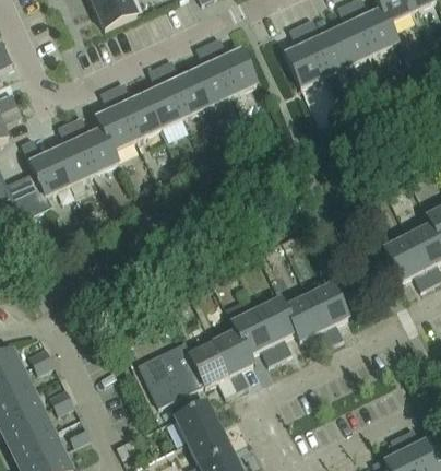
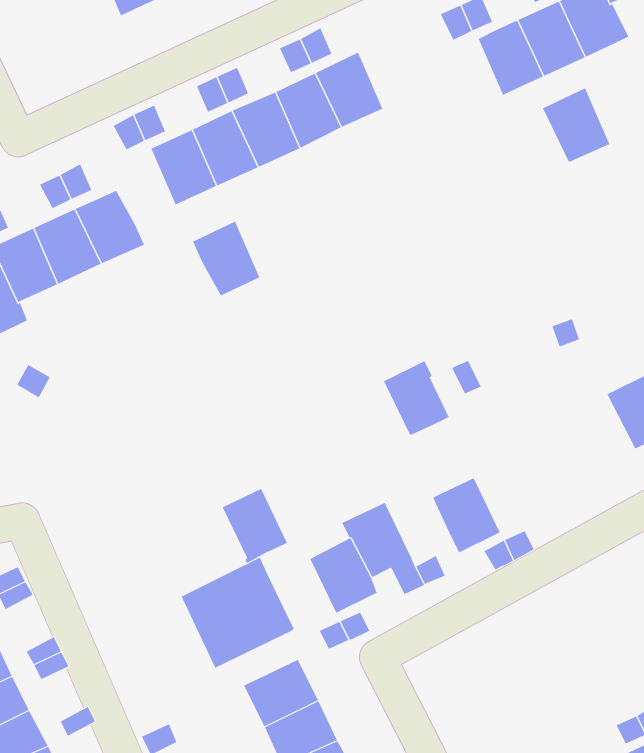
building: [285,42,324,85] -> [542,87,610,163]
building: [96,105,135,149] -> [192,221,260,296]
building: [308,283,347,327] -> none
building: [257,297,295,341] -> [383,360,450,436]
building: [190,342,228,386] -> [222,488,288,564]

